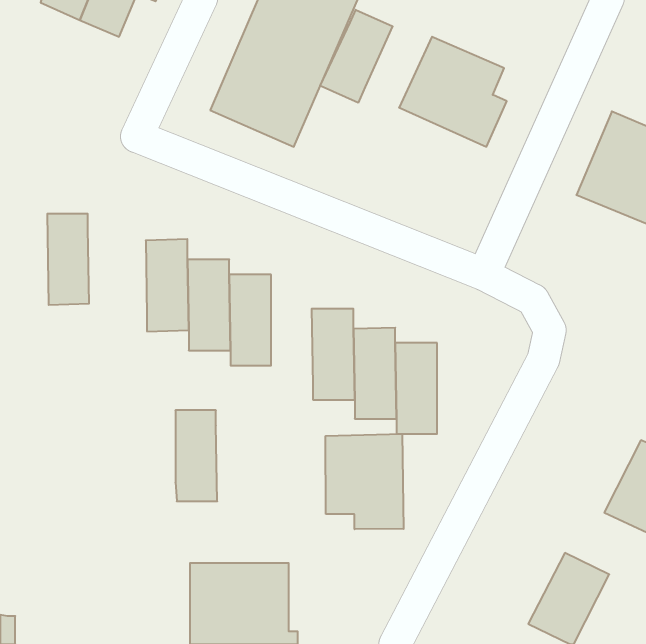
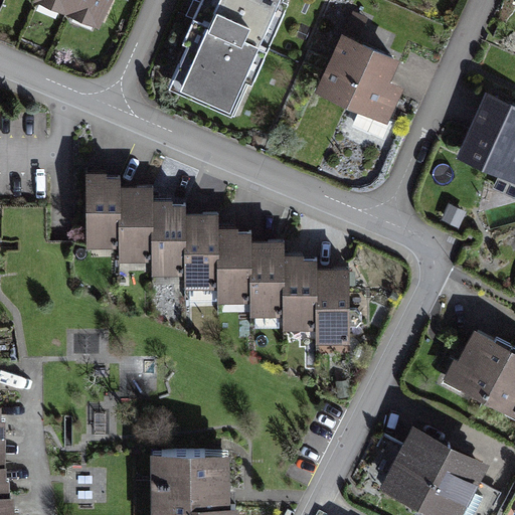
building: [320,10,393,103] -> none
building: [47,214,89,305] -> [84,179,118,251]
building: [175,410,217,501] -> [216,233,249,306]
building: none -> [446,332,510,407]
building: [326,434,404,529] -> none
building: none -> [385,421,450,496]

